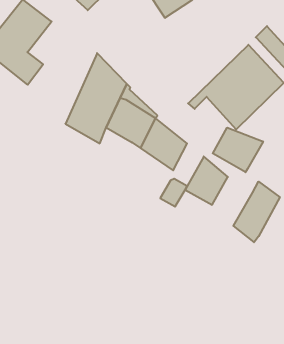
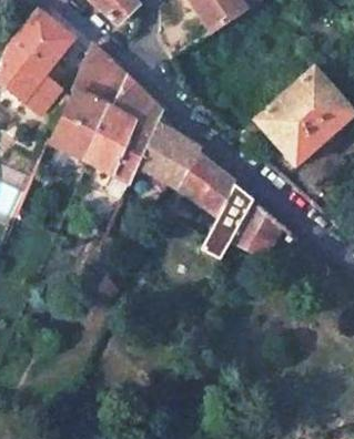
building: none -> [54,44,129,160]
building: [213,128,263,172] -> none
building: [233,182,280,242] -> none

